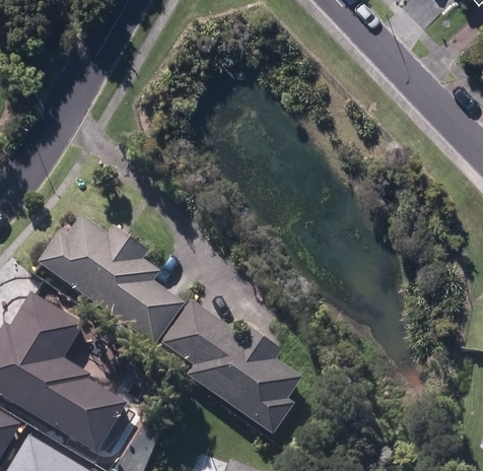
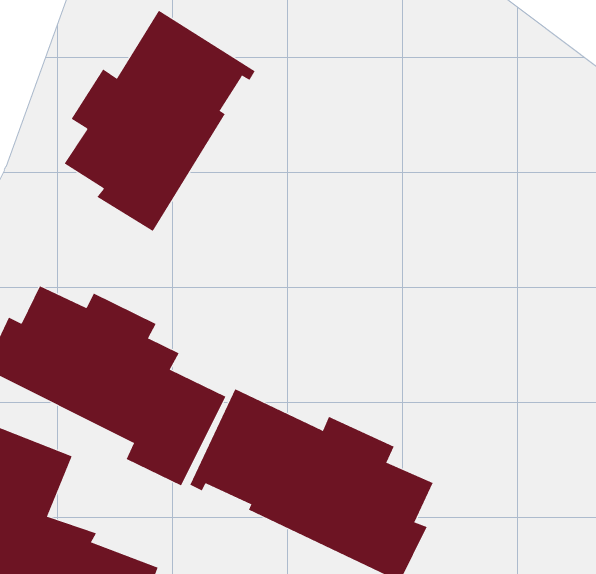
building: none -> [64,10,255,232]

